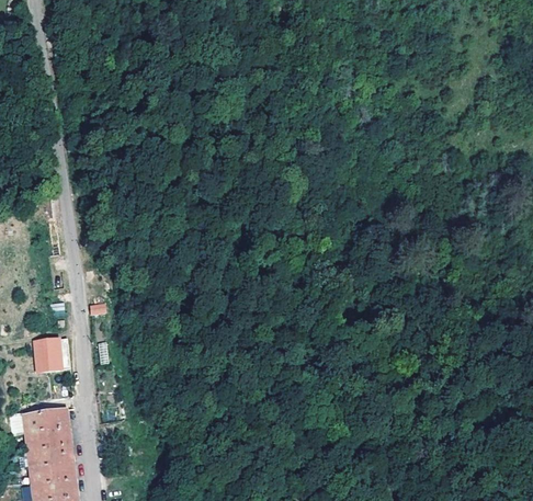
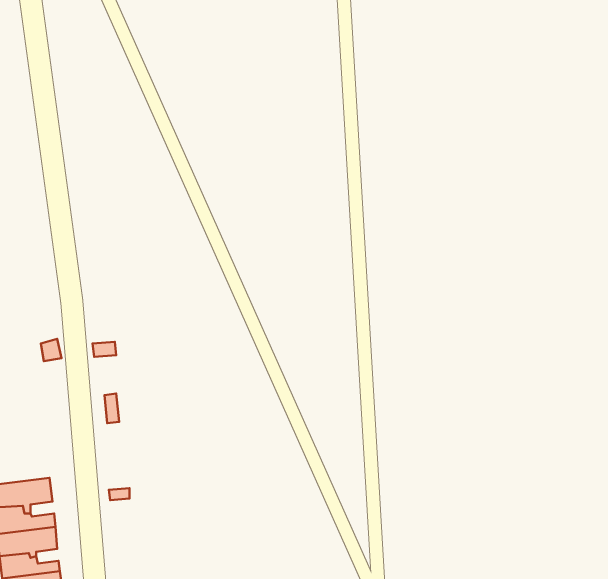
building: [42,340,67,373] -> none

